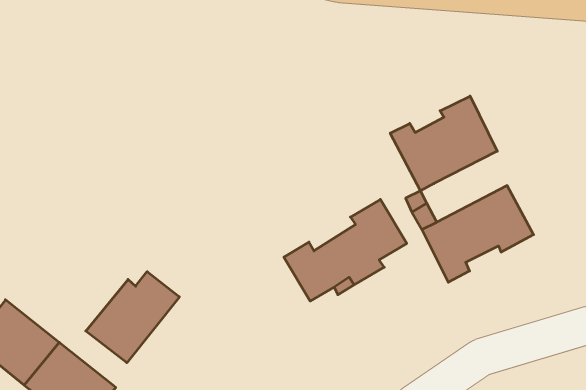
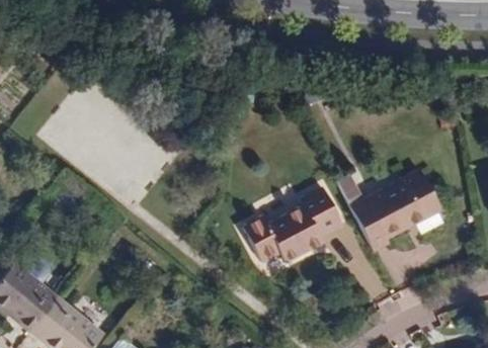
building: [390,96,497,191] -> none
building: [86,272,179,363] -> none

